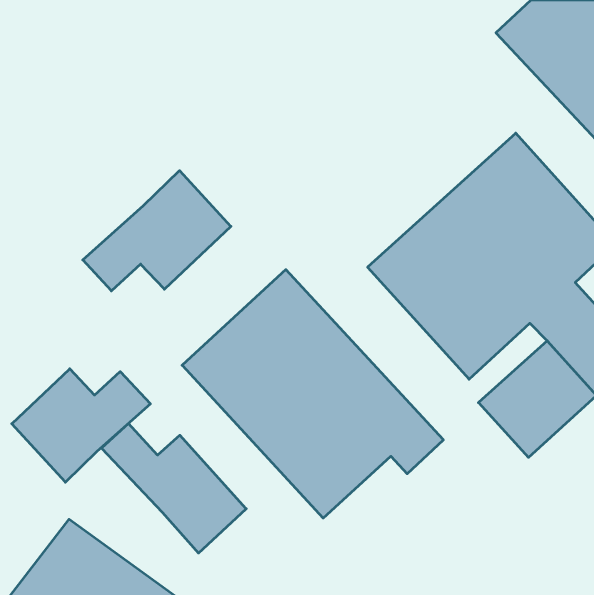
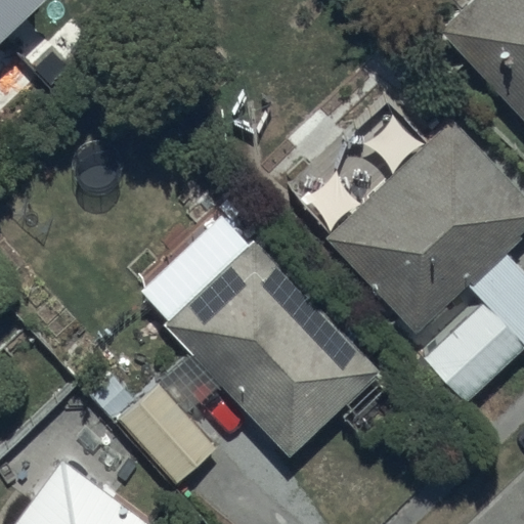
building: [83,171,231,291] -> none
building: [12,369,150,482] -> none

